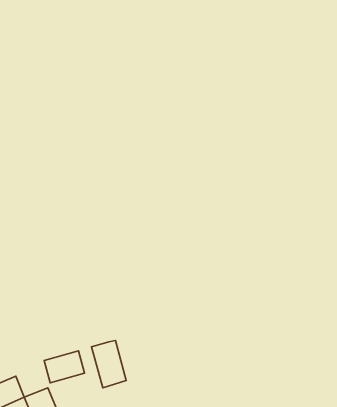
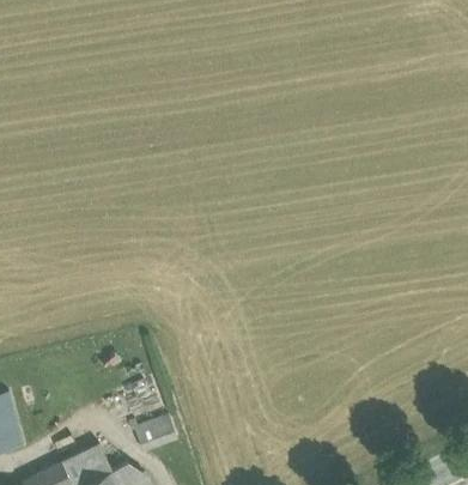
building: [91,341,126,388] -> none

